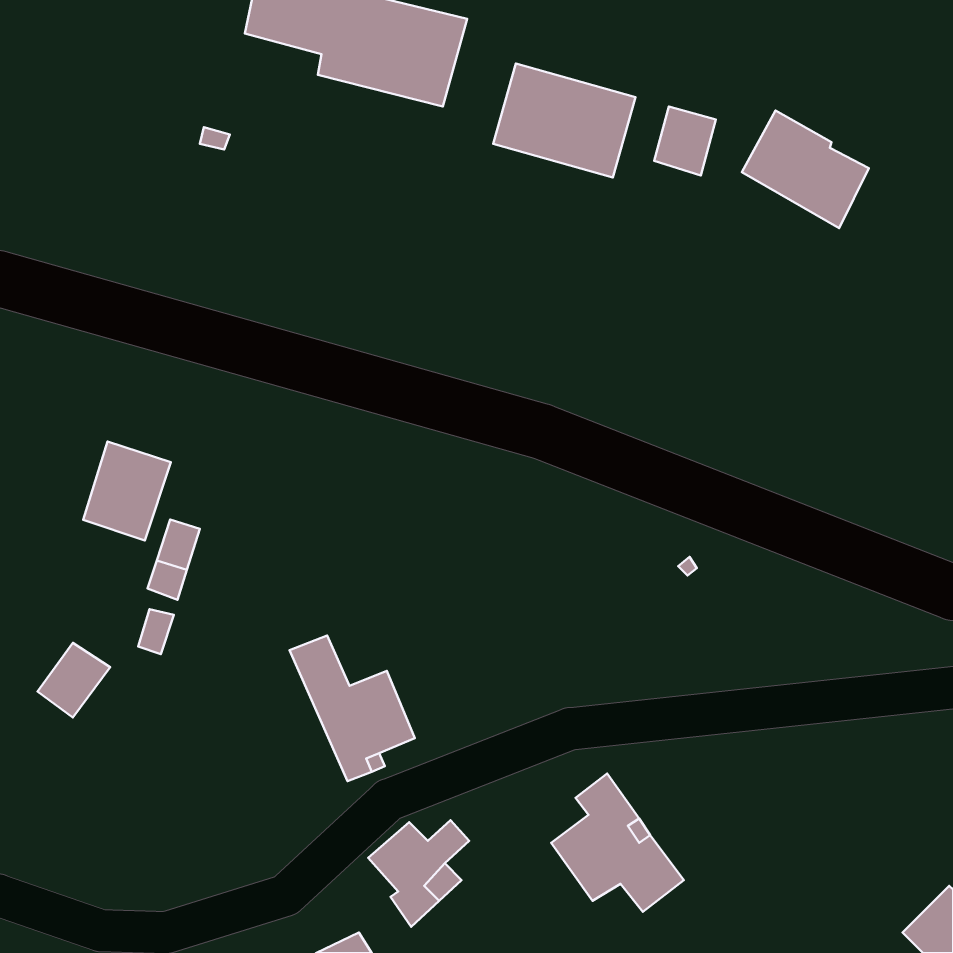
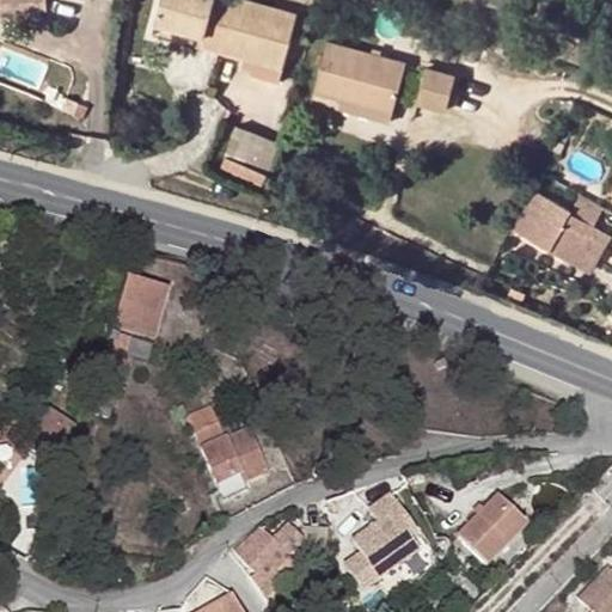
building: [742,110,869,228] -> [513,190,594,265]
building: none -> [216,123,280,184]
building: [83,441,171,541] -> [111,276,167,339]
building: none -> [457,496,525,563]

